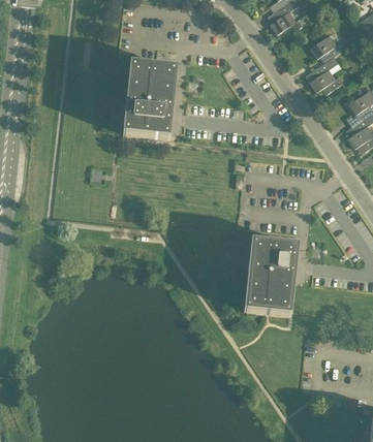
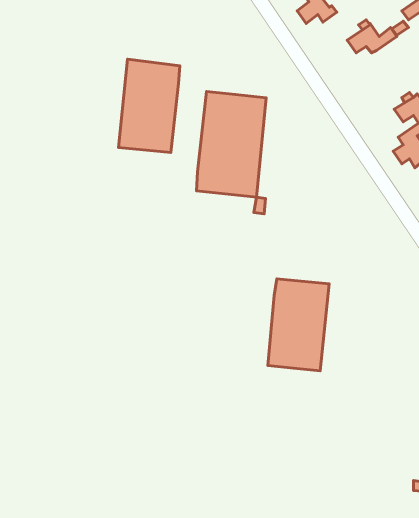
building: [308,55,341,93] -> none
building: none -> [197,91,266,197]

